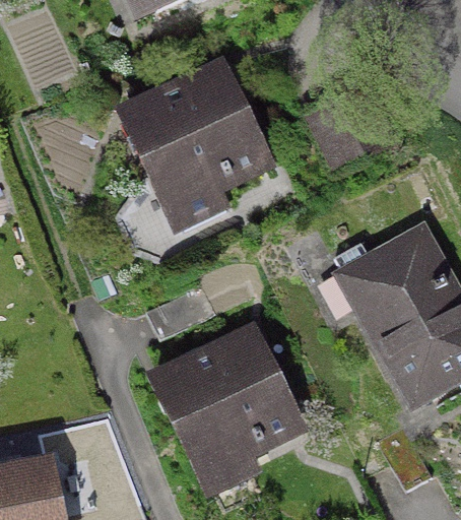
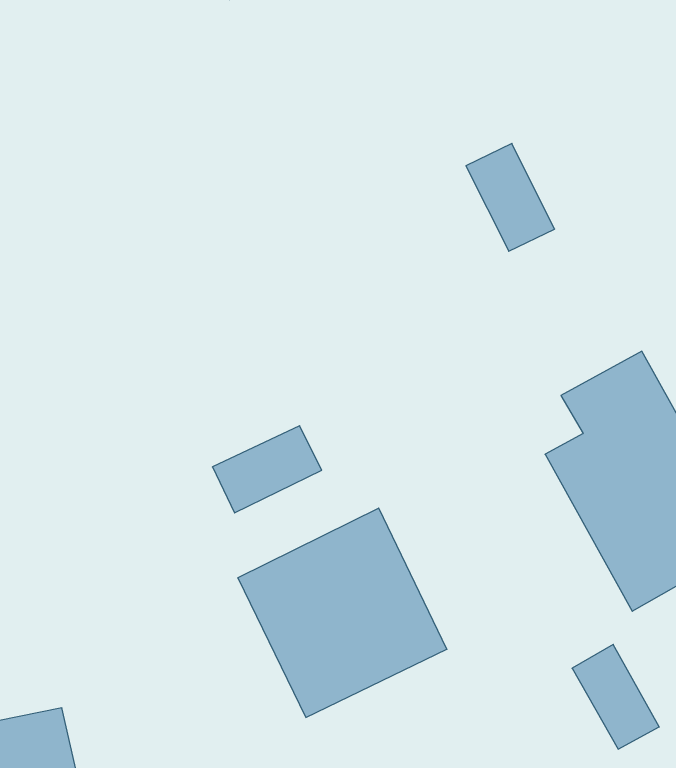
building: [130,73,263,206] -> none

